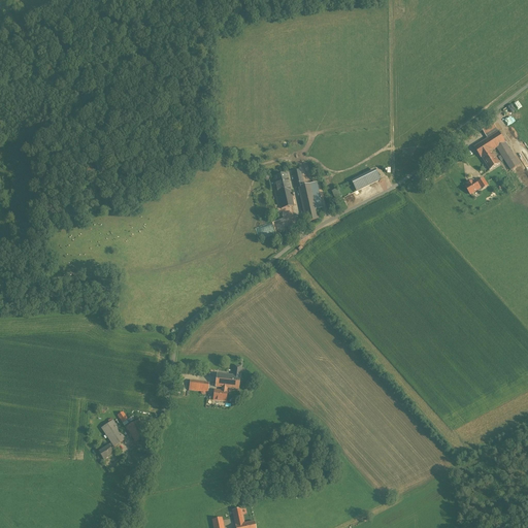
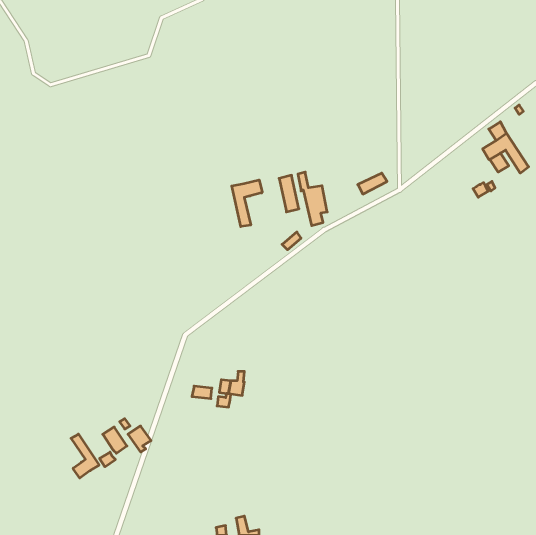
building: none -> [232,180,262,227]
building: none -> [71,434,99,478]

